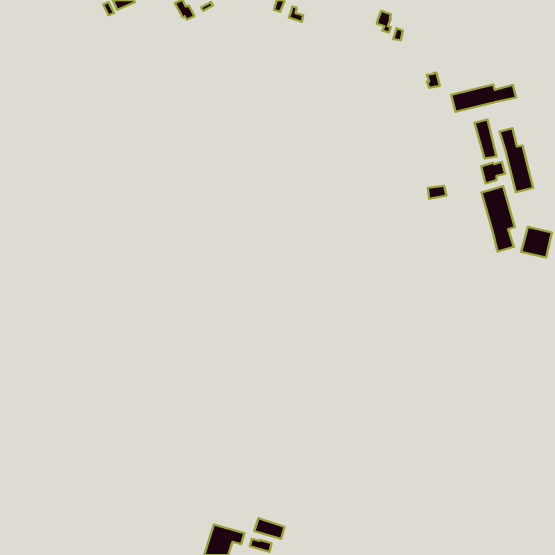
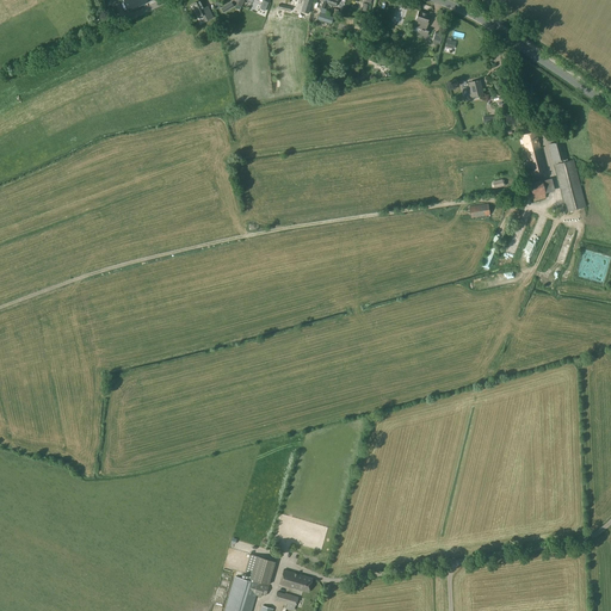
building: [451,85,516,112] -> none
building: [481,186,515,252] -> none
building: none -> [246,554,276,585]

